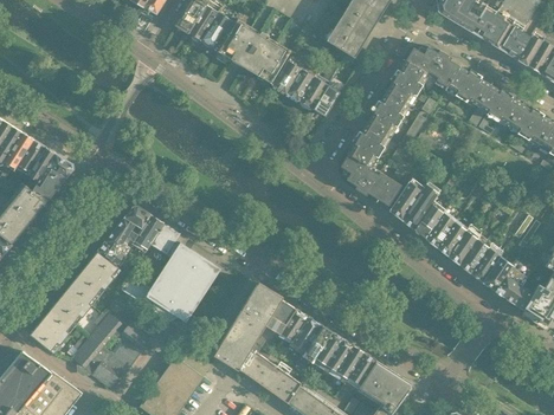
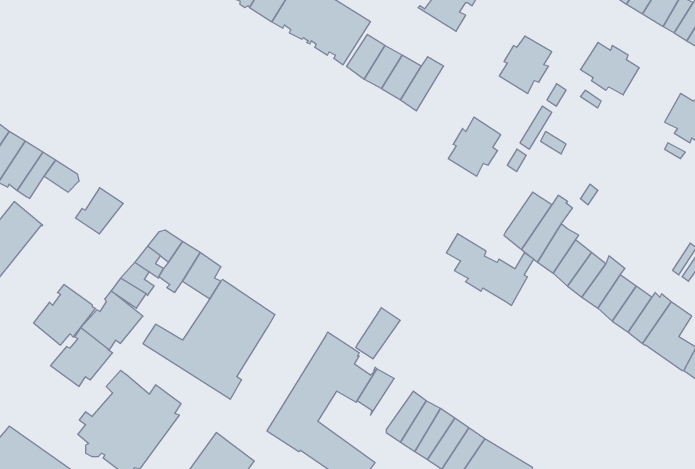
building: [405,46,459,86] -> none
building: [469,85,521,134] -> none
building: [367,91,407,135] -> none
building: [340,153,405,206] -> [446,234,534,305]
building: [30,166,65,200] -> [75,188,123,234]
building: [30,306,76,351] -> [34,285,96,345]
building: [289,316,322,354] -> [356,308,400,359]

